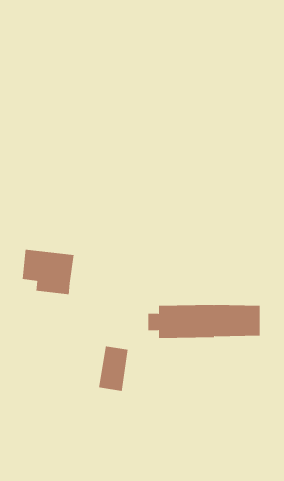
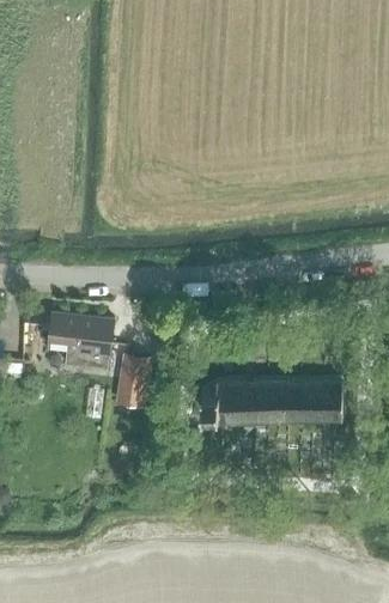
building: [98,346,128,391] -> [116,353,153,409]

